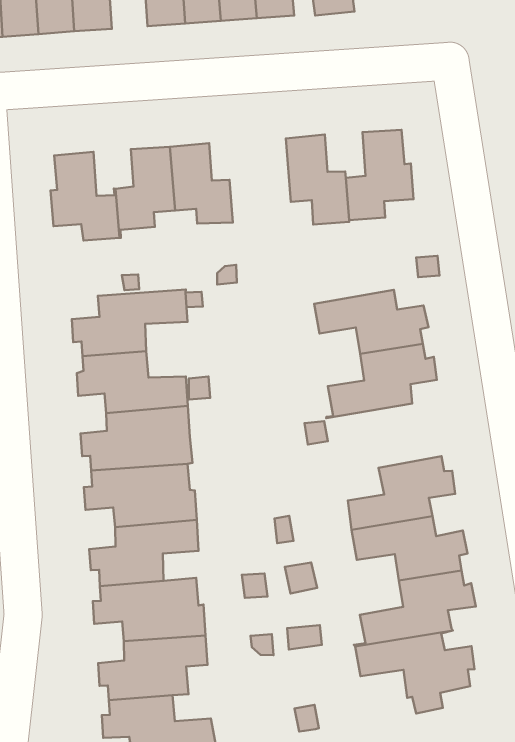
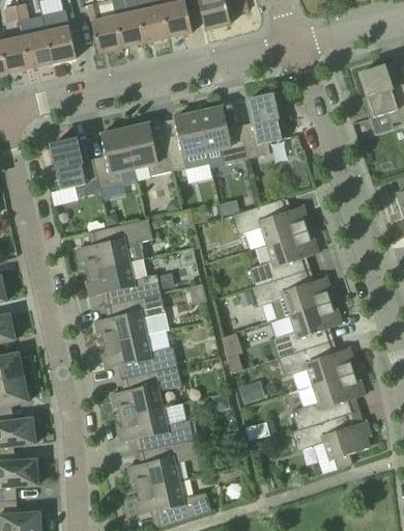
building: none -> [166,111,209,170]
building: none -> [251,270,330,318]

